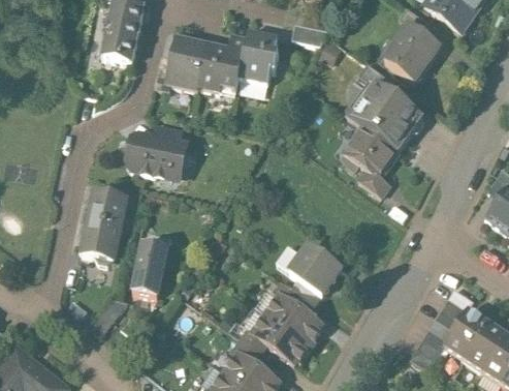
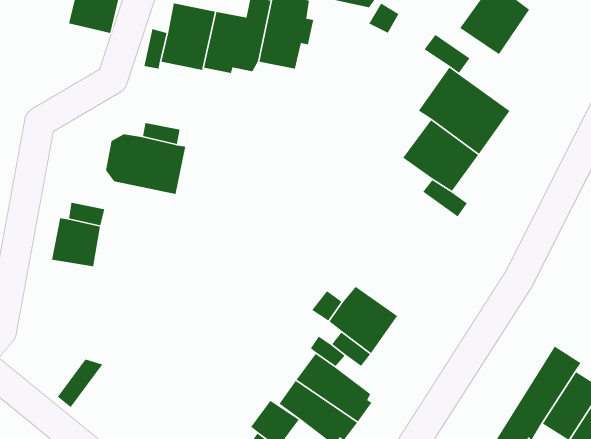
building: [78,227,119,265] -> none
building: [132,245,165,296] -> none

